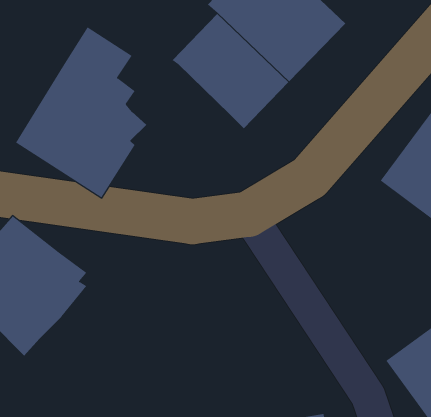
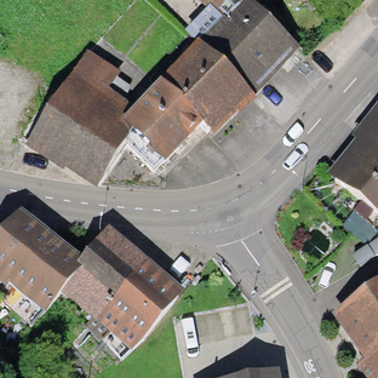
building: none -> [120,78,201,171]
building: none -> [63,224,181,350]

